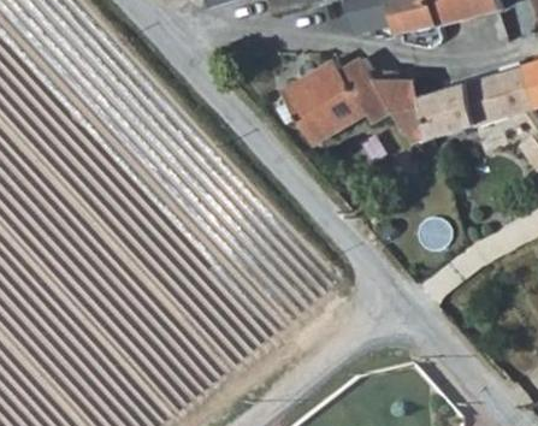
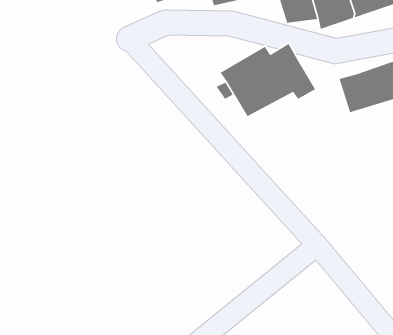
building: [384,76,443,142] -> none

